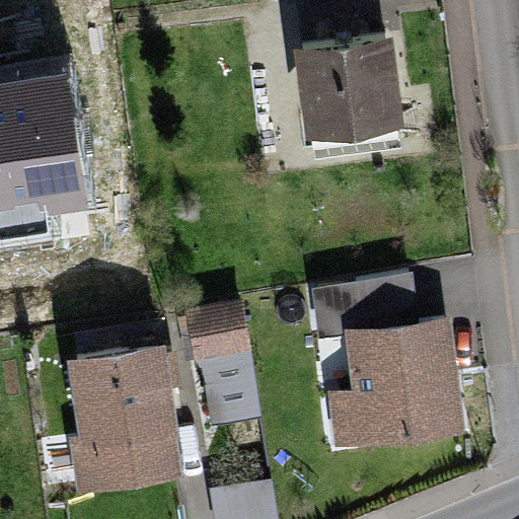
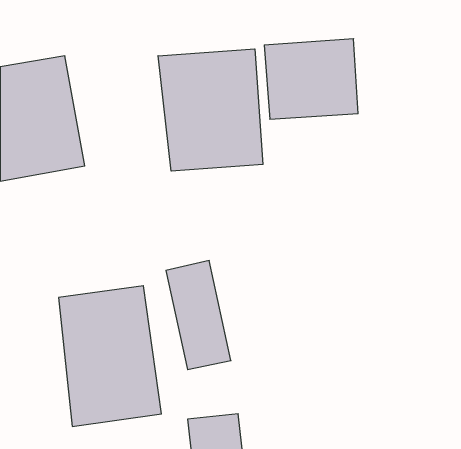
building: none -> [158,49,263,171]
building: [312,278,463,445] -> none

